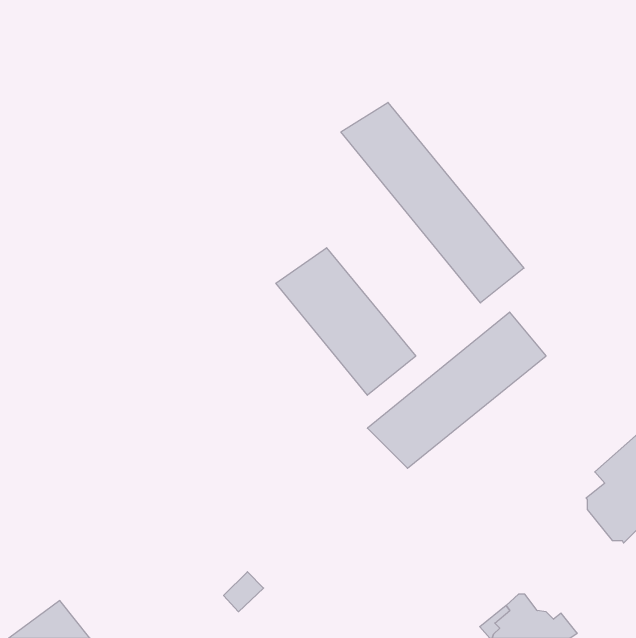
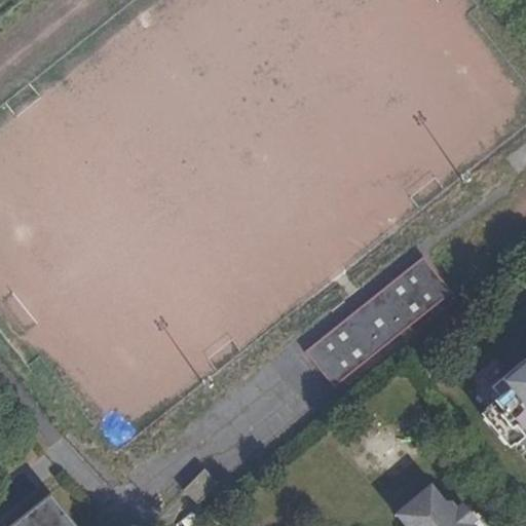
building: [341,102,524,303] -> none
building: [276,248,416,395] -> none

